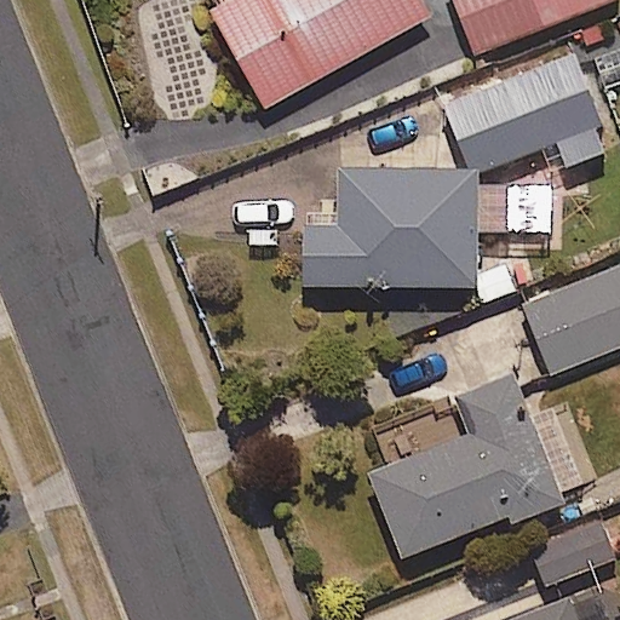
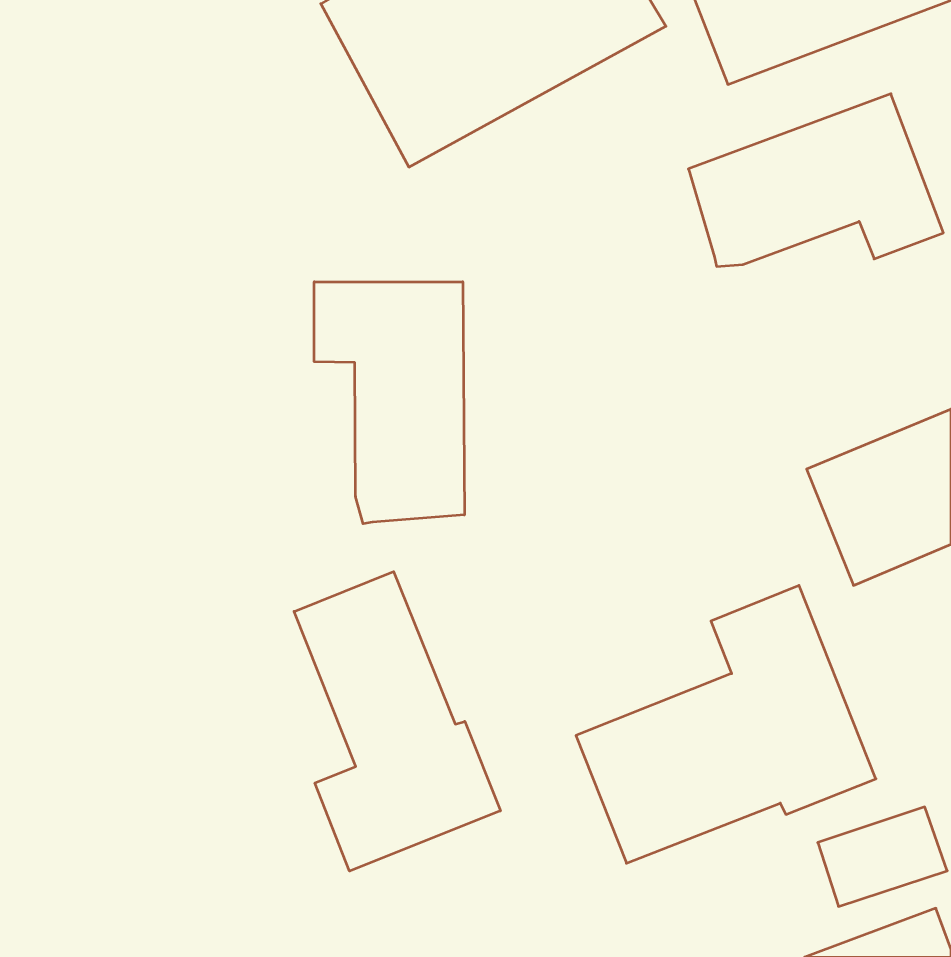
building: [303,166,530,287] -> none
building: none -> [314,282,464,524]
building: none -> [294,572,500,871]

